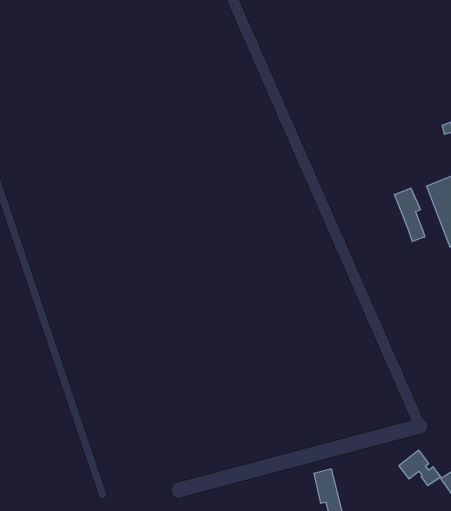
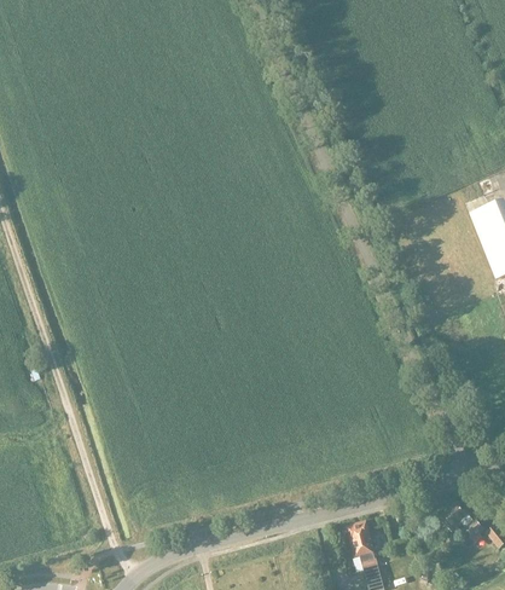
building: [394,188,425,242] -> none

